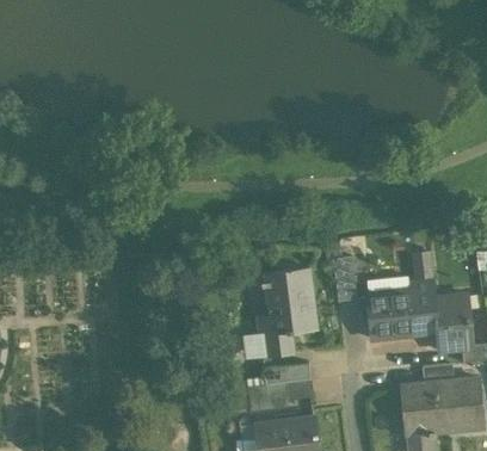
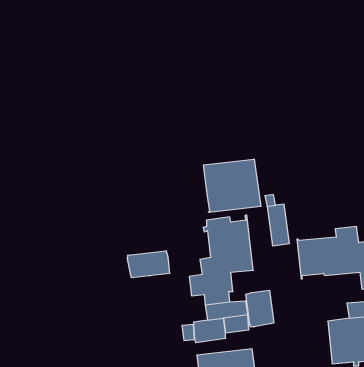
building: none -> [203,159,261,212]
building: none -> [128,251,170,278]
building: none -> [246,290,274,327]

